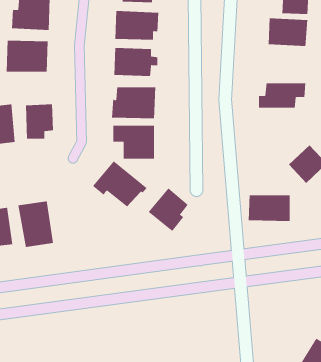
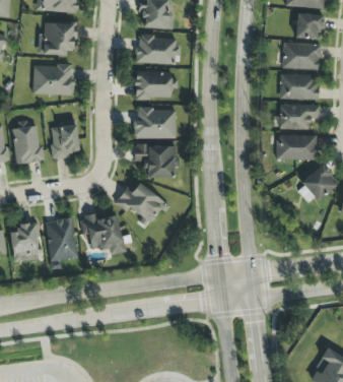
building: none -> [279,74,319,100]
building: [148,187,188,232] -> none
building: [248,195,290,221] -> [276,135,317,161]
building: none -> [79,214,124,255]

